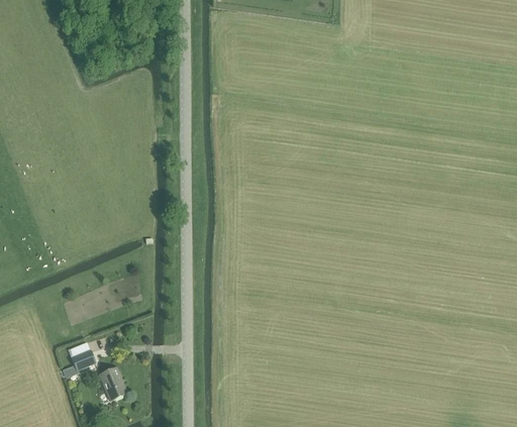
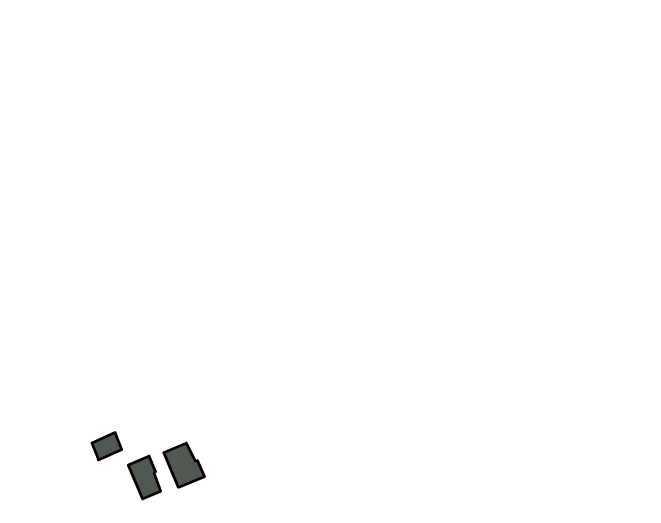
building: none -> [164,443,204,487]

